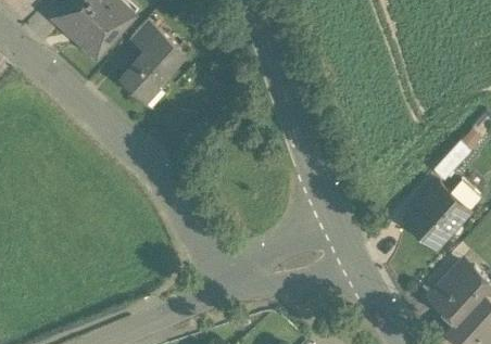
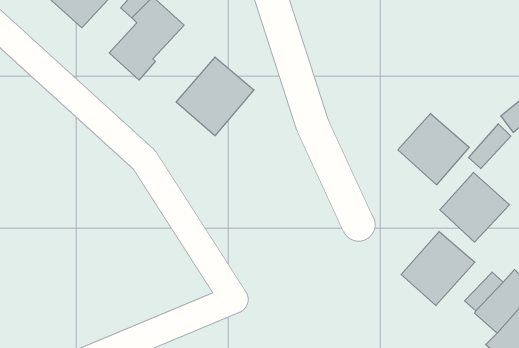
building: none -> [176,57,254,136]
building: none -> [398,113,469,185]
building: none -> [401,231,475,306]

